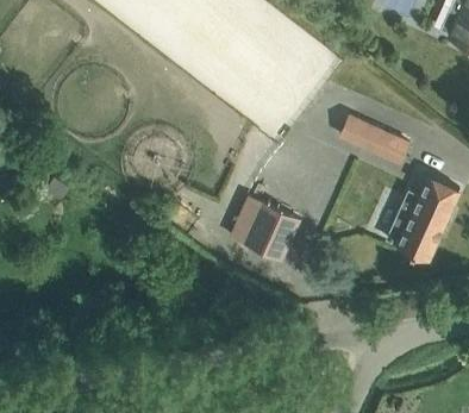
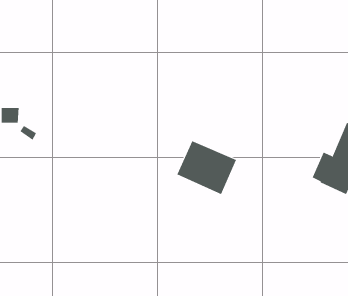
building: [337,114,409,163] -> none

